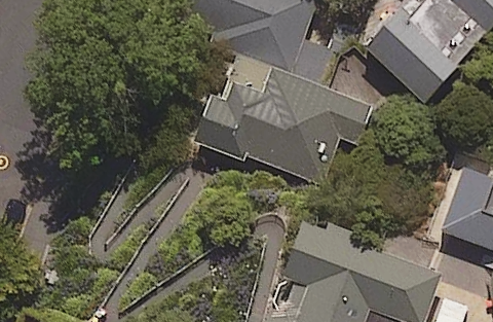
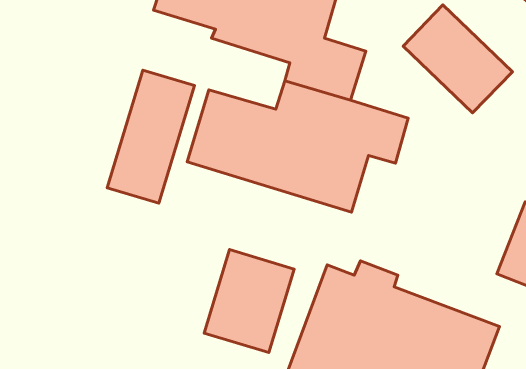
building: none -> [107,70,194,203]
building: none -> [204,250,294,353]

